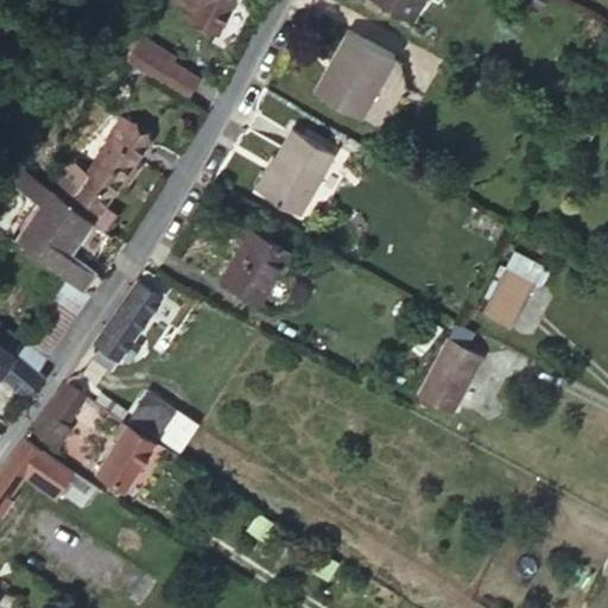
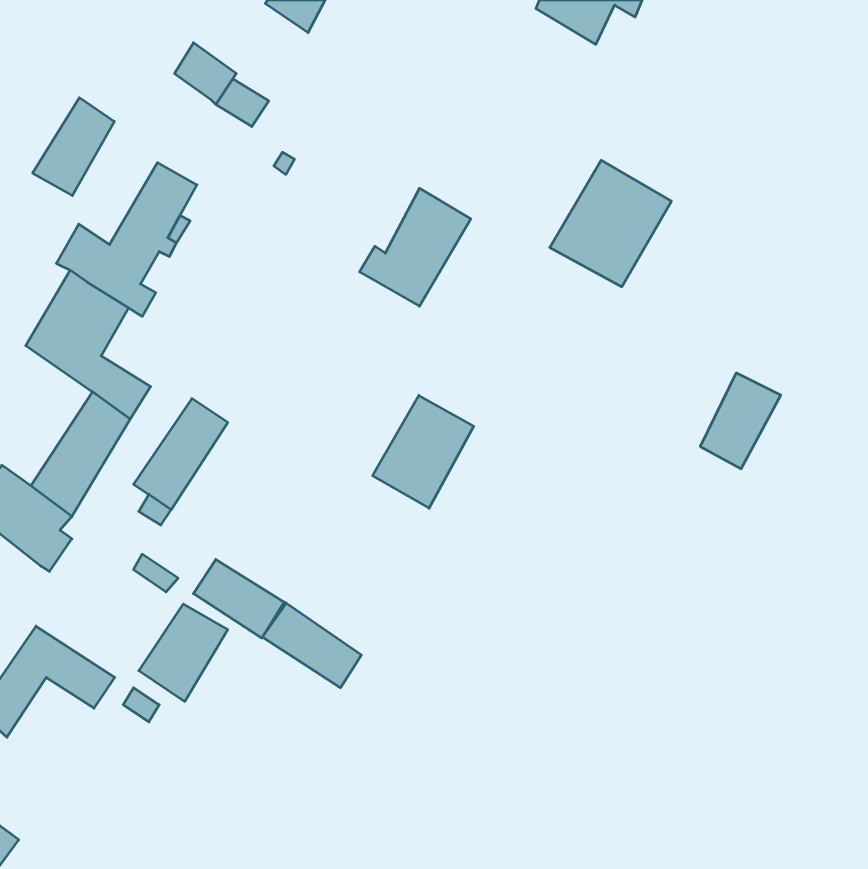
building: [316,38,400,126] -> [550,160,671,287]
building: none -> [33,98,114,196]
building: [218,228,289,306] -> [373,395,474,508]
building: [423,340,483,411] -> none
building: [30,381,86,446] -> none
building: none -> [263,603,361,688]

